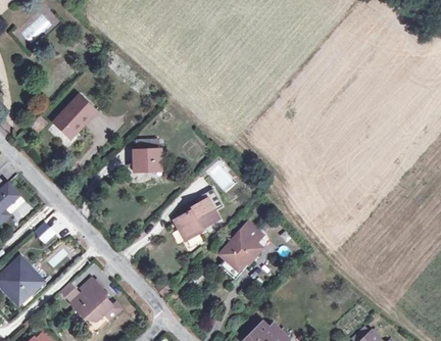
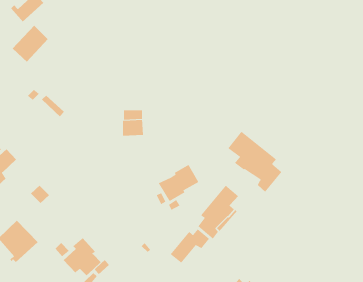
building: [54,96,94,137] -> [12,25,48,63]
building: none -> [228,131,282,193]
building: none -> [170,228,210,264]

